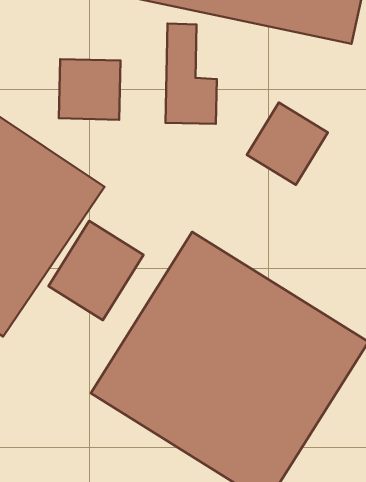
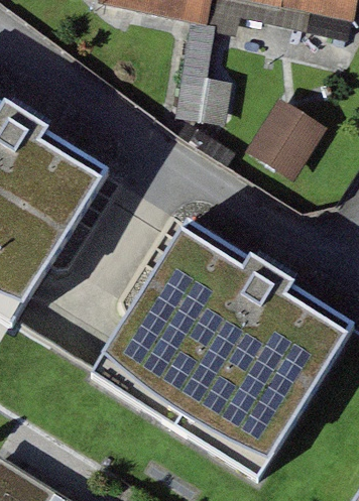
building: [59,59,120,120] -> none
building: [48,221,144,320] -> none

